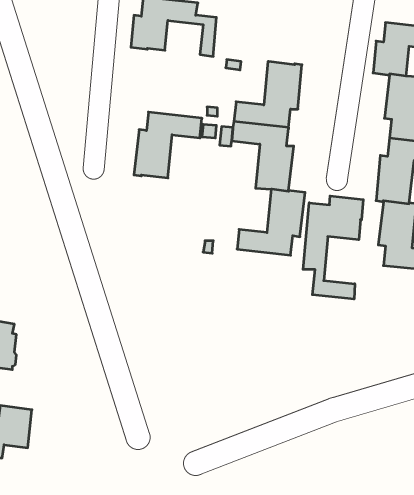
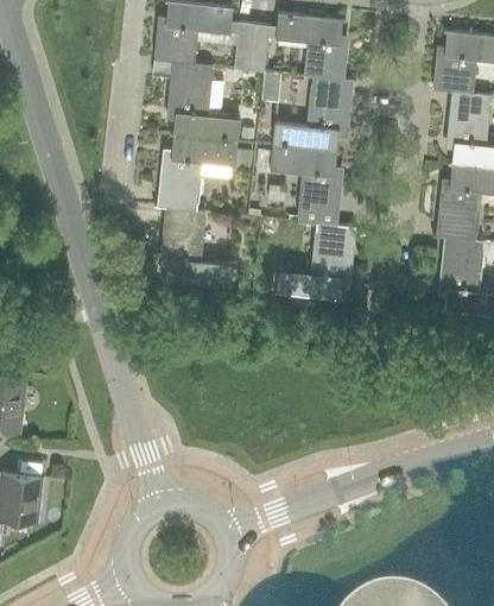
building: none -> [249,14,347,81]
building: none -> [167,62,239,143]
building: none -> [160,208,232,289]
building: [303,196,363,299] -> none

